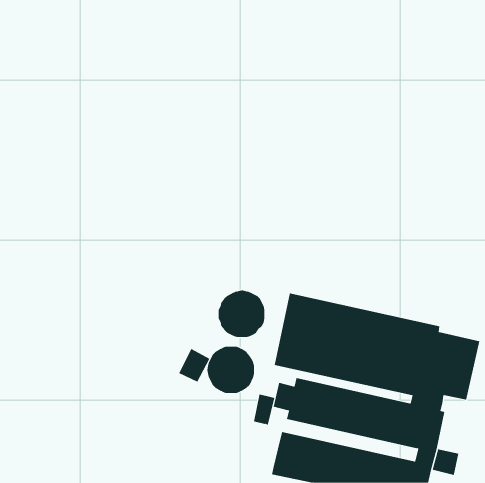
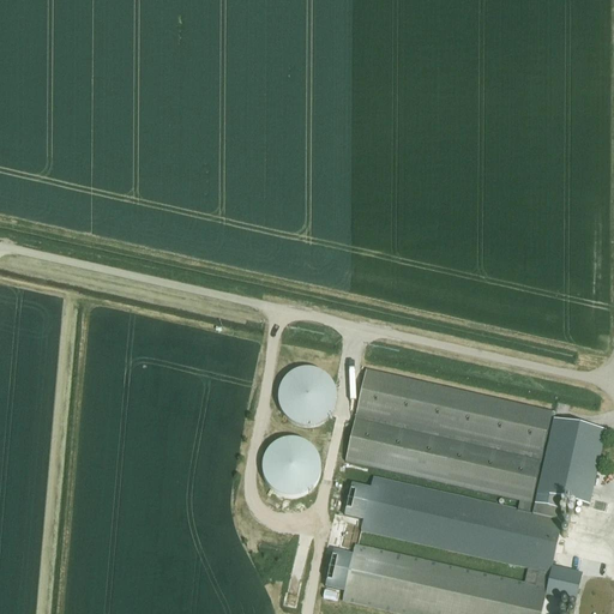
building: [178,348,210,382] -> none
building: [253,394,275,425] -> [325,549,353,589]

